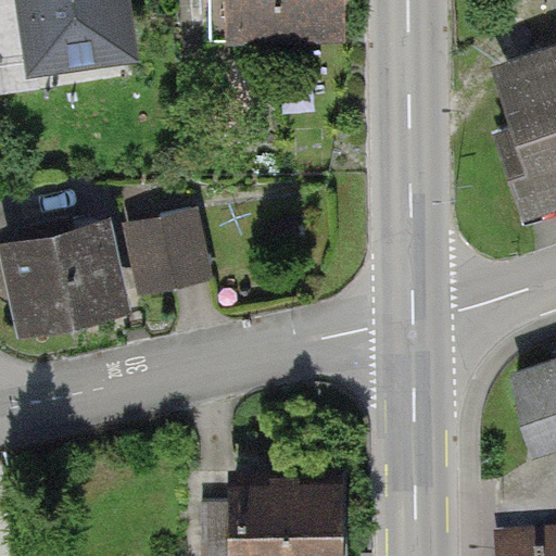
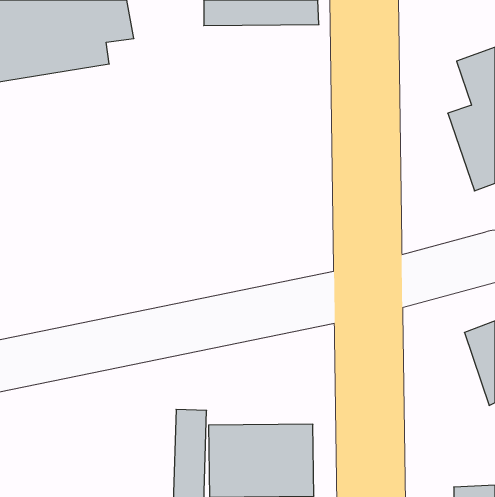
building: [4,213,207,327] -> none

